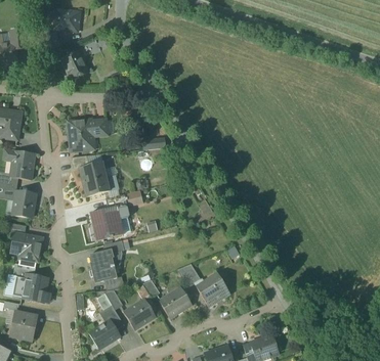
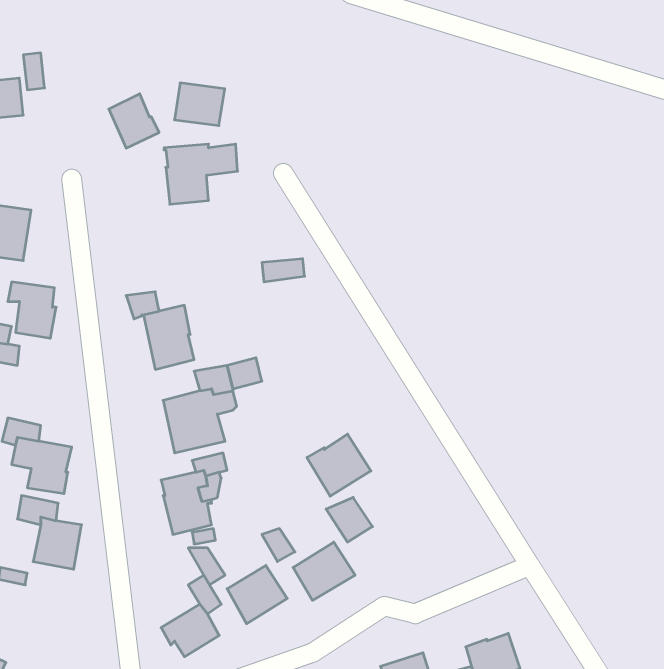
building: [53,8,80,31] -> [174,83,225,126]
building: [68,119,107,150] -> [164,144,238,204]
building: [12,190,35,217] -> none
building: [196,273,229,306] -> [307,434,371,496]
building: [12,312,35,339] -> none

